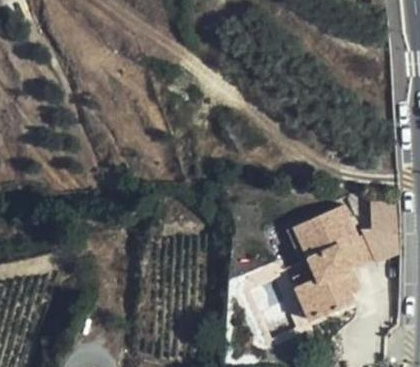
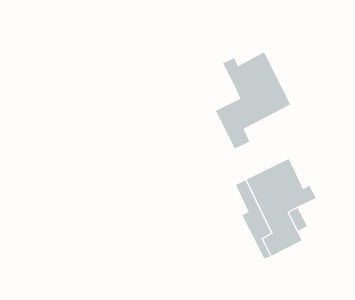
building: none -> [215,51,291,150]

